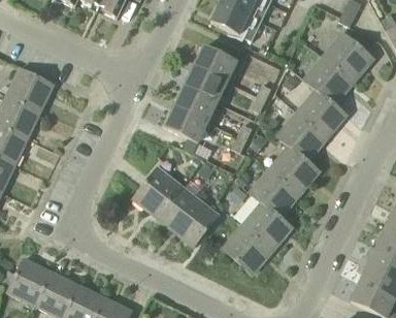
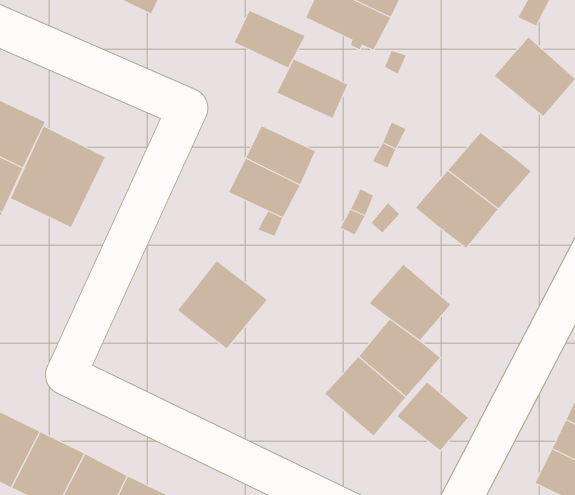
building: [304,56,354,103] -> none
building: [184,66,227,101] -> [234,10,306,68]
building: none -> [10,126,105,228]
building: [269,146,319,194] -> none
building: [163,191,218,246] -> none
building: none -> [397,382,469,451]

